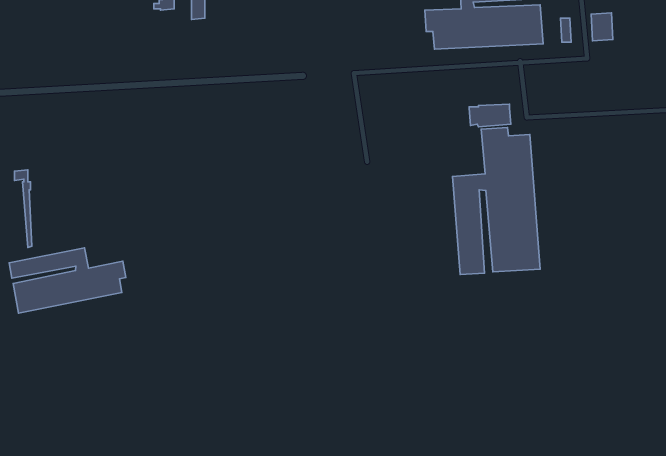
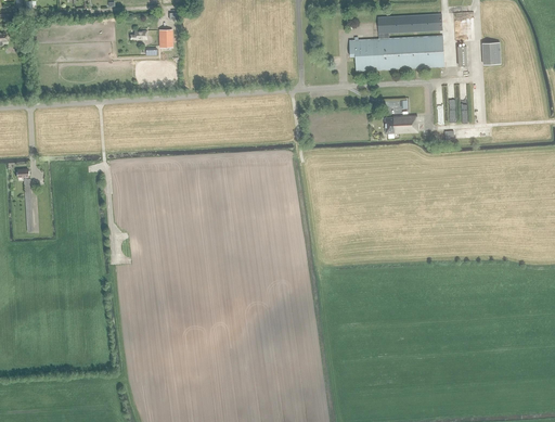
building: [453,127,540,275] -> none
building: [9,248,126,313] -> none

